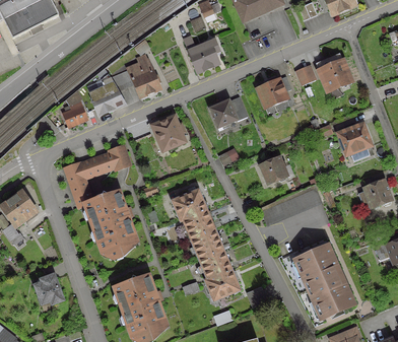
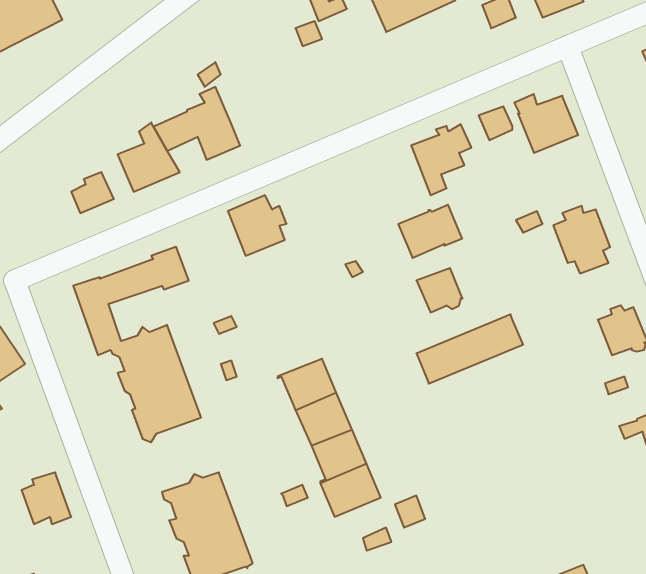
building: [183,36,220,72] -> none
building: [210,96,247,127] -> [398,205,462,258]
building: [173,190,206,219] -> none
building: [295,245,353,318] -> none

